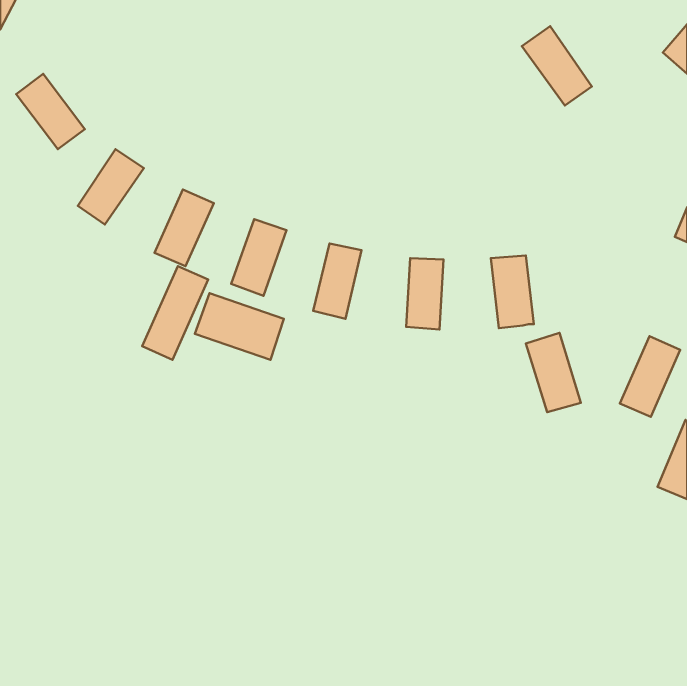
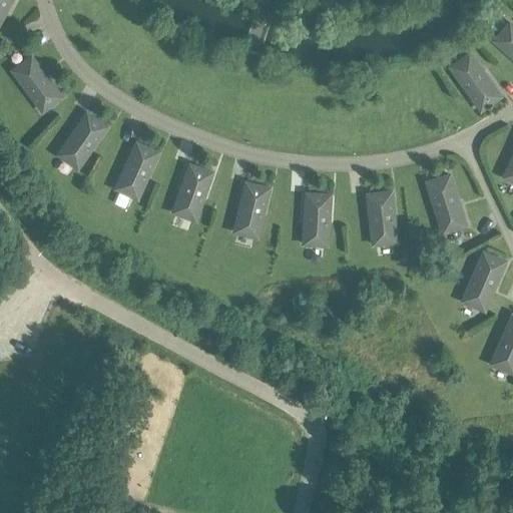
building: [522,26,592,105] -> [449,51,501,110]
building: [142,266,208,360] -> none
building: [195,293,284,360] -> none
building: [526,333,581,412] -> [426,172,467,231]

